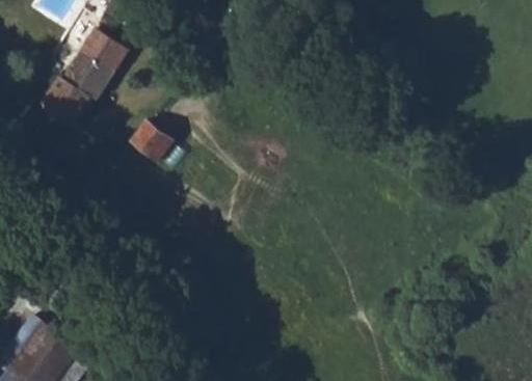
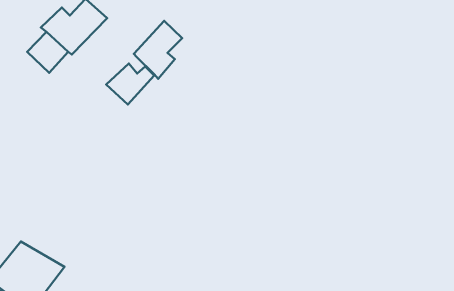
building: none -> [134,21,182,79]

